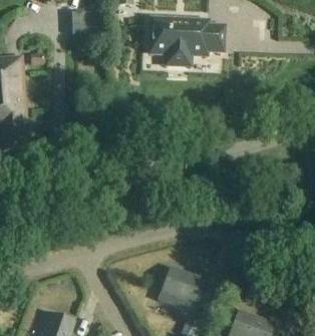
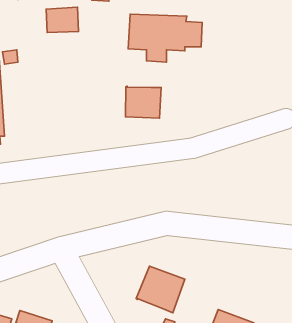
building: none -> [126,86,161,118]

